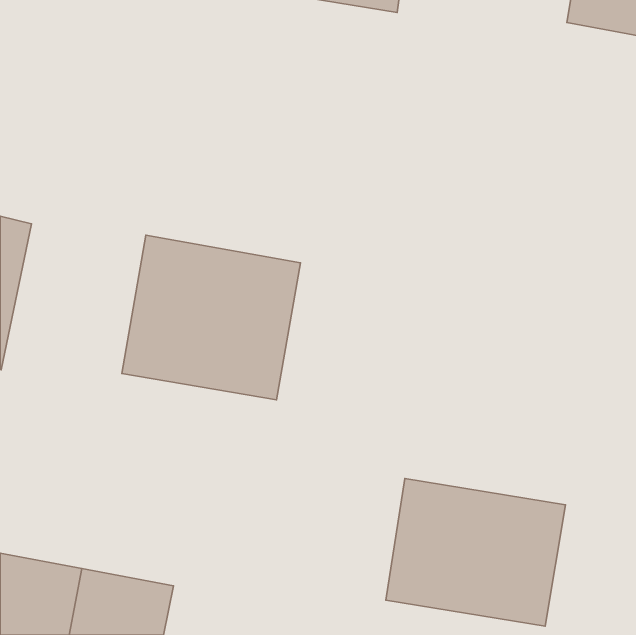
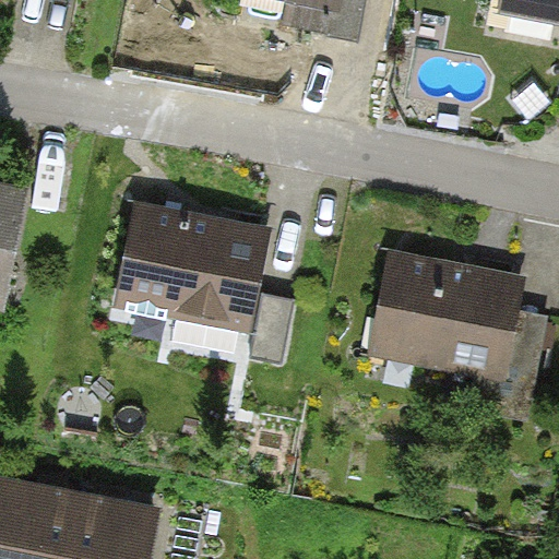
building: none -> [371,251,528,384]
building: [386,478,565,626] -> none

